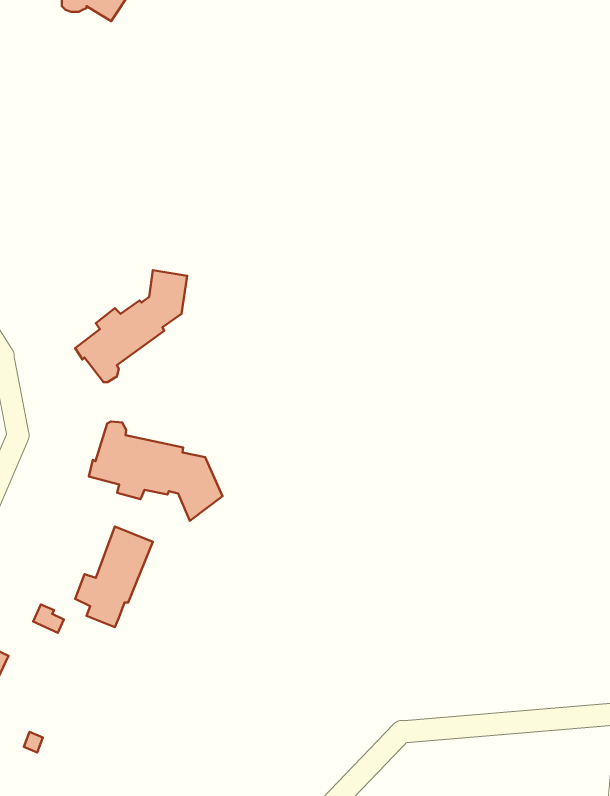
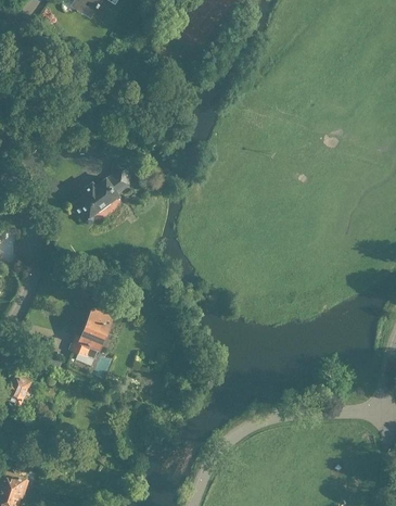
building: [89,421,222,521] -> none

